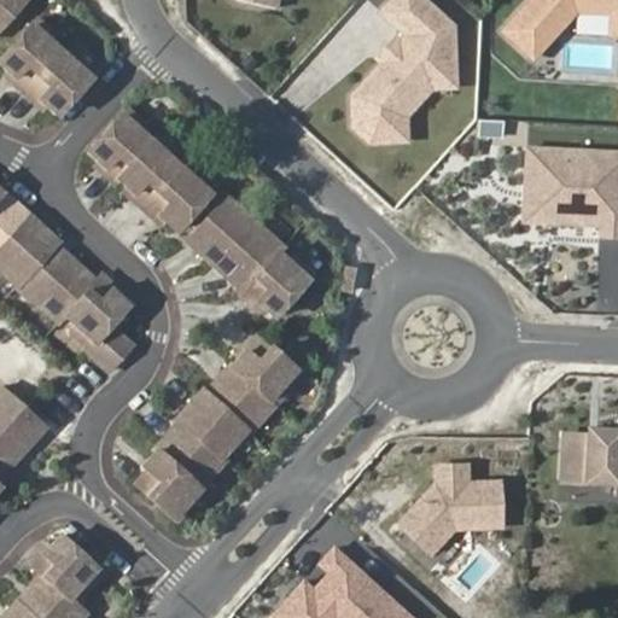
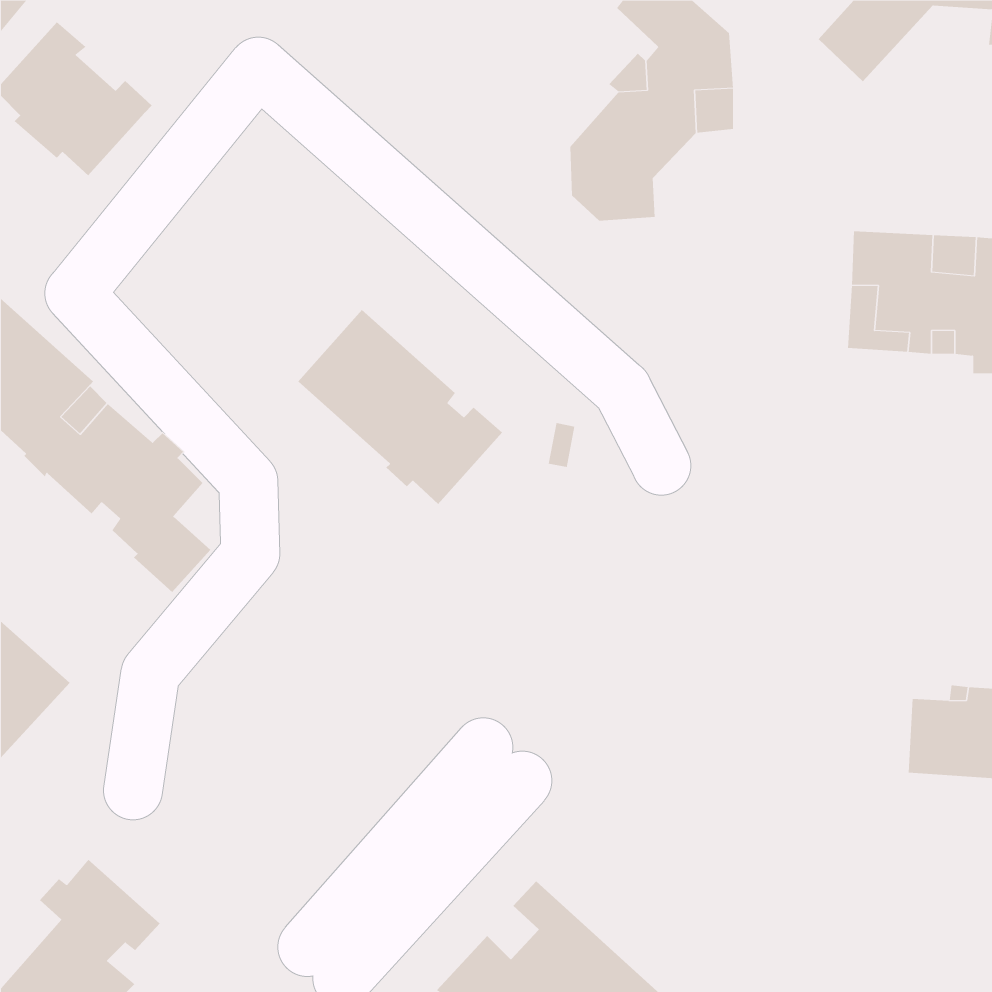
building: [92,109,217,231] -> none
building: [138,334,297,520] -> none
building: [400,465,503,554] -> none

